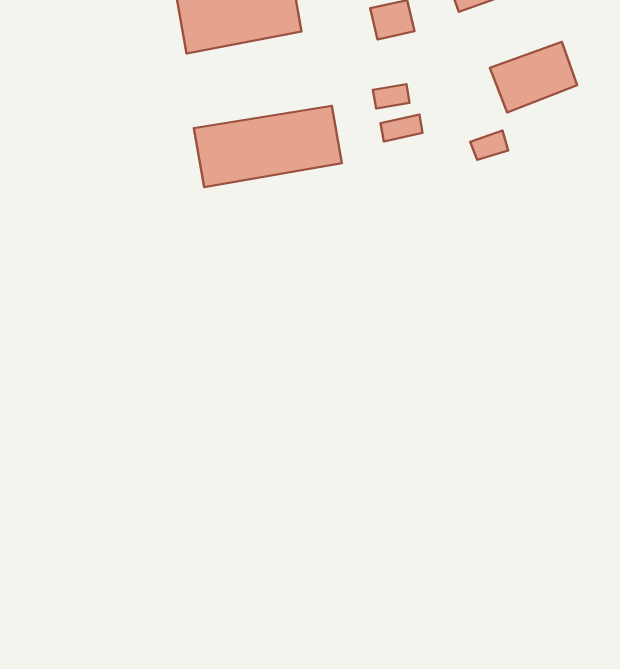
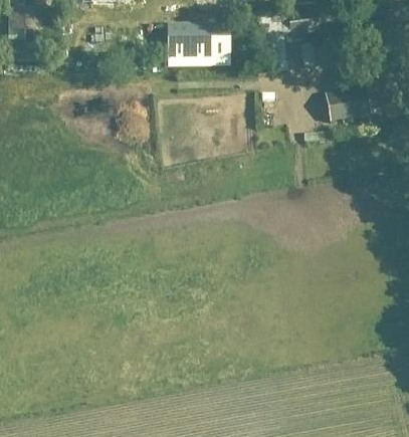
building: [194,106,342,187] -> none

